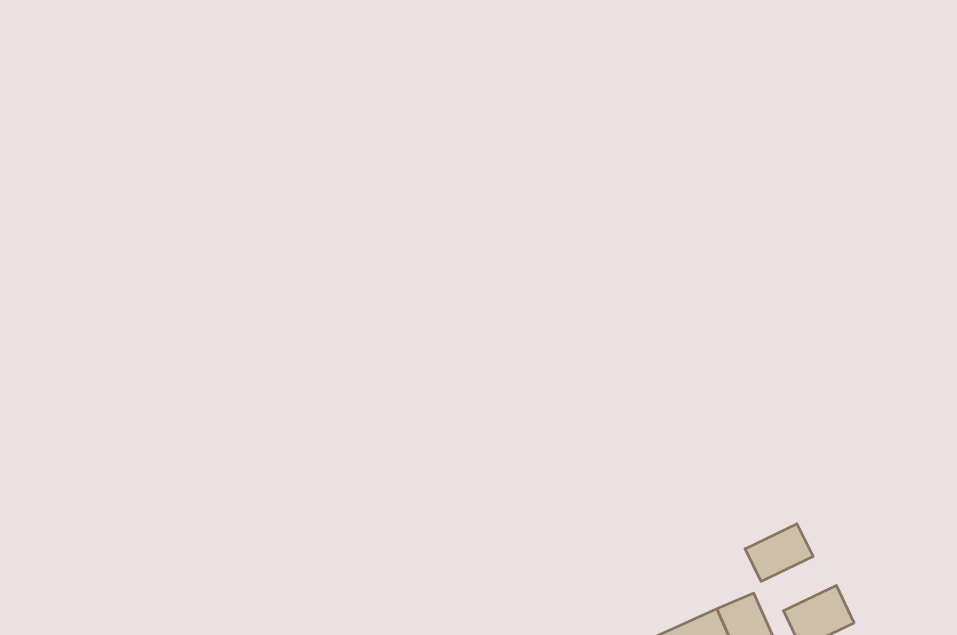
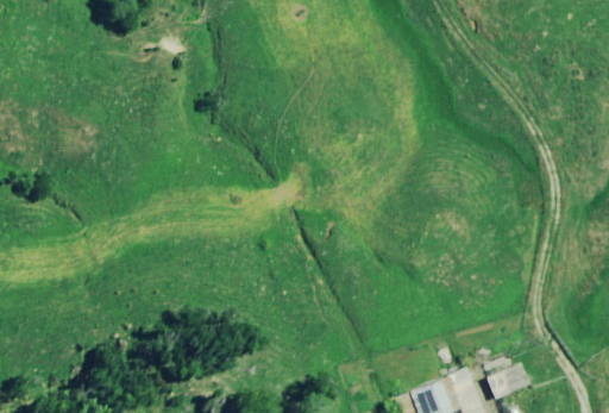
building: [745,524,813,581] -> none

